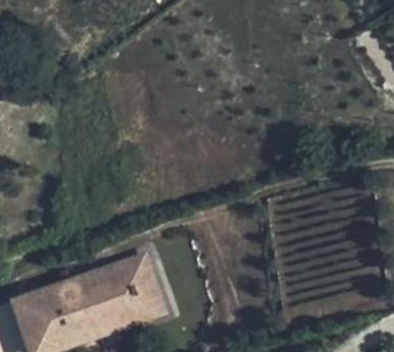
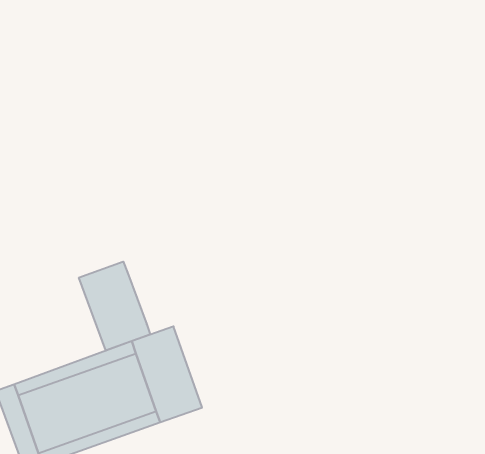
building: none -> [79,262,150,351]

